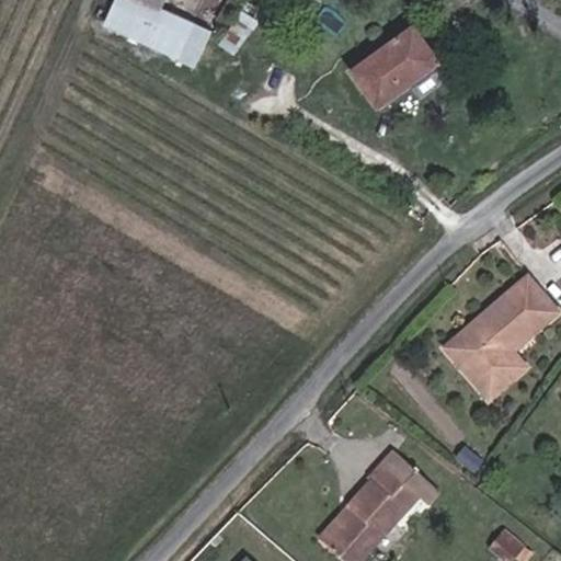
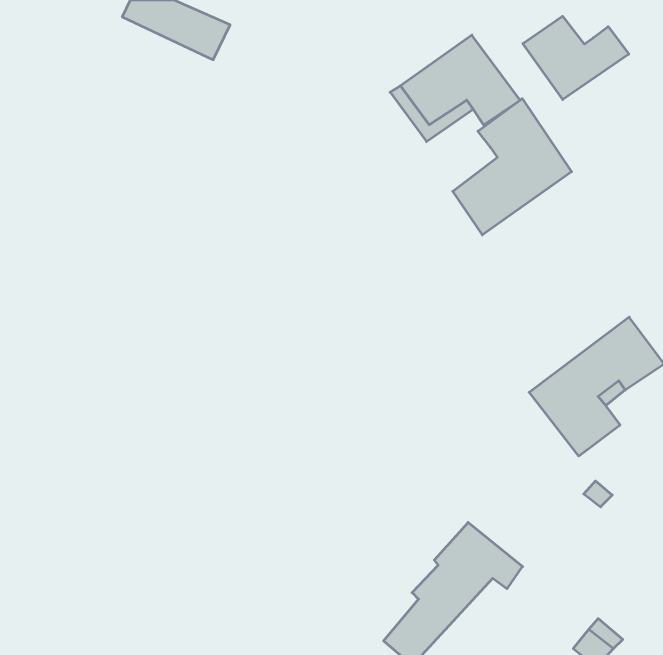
building: none -> [523,16,629,100]
building: none -> [453,99,572,235]

